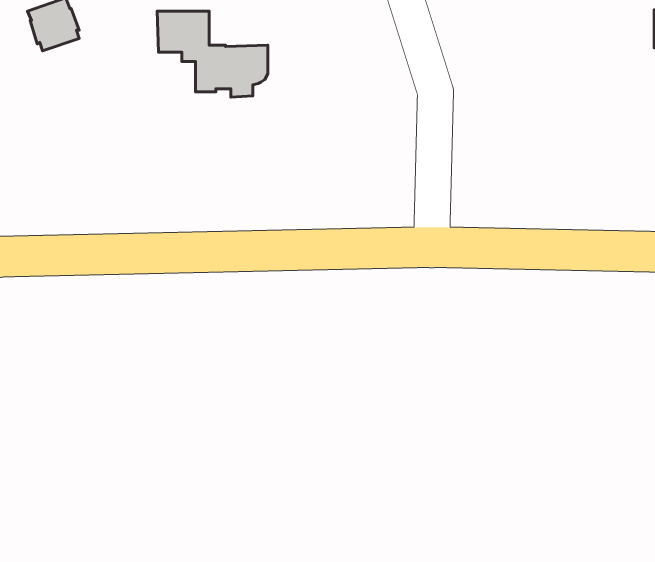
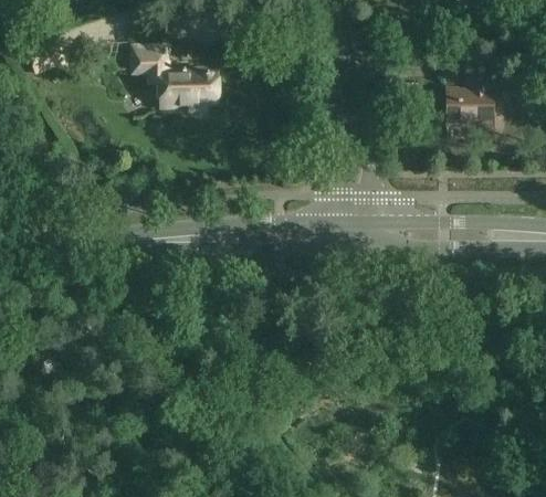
building: none -> [448,71,494,126]

